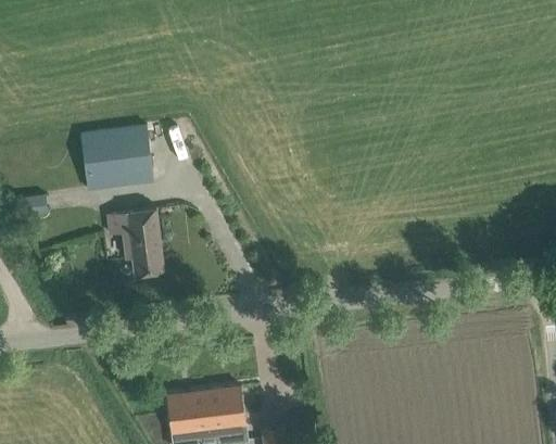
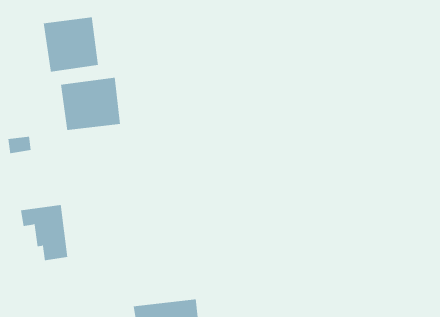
building: none -> [43,16,98,73]
building: [106,208,163,275] -> [20,204,68,261]

